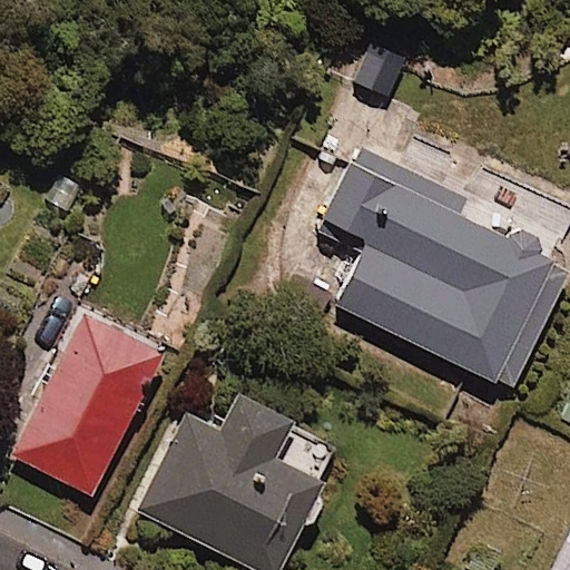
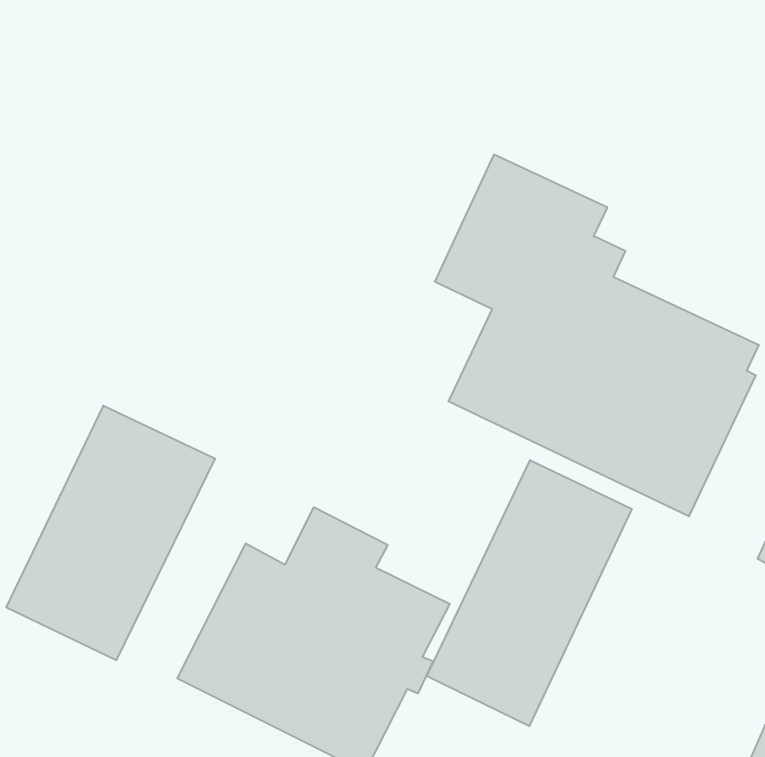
building: none -> [427,460,632,726]

